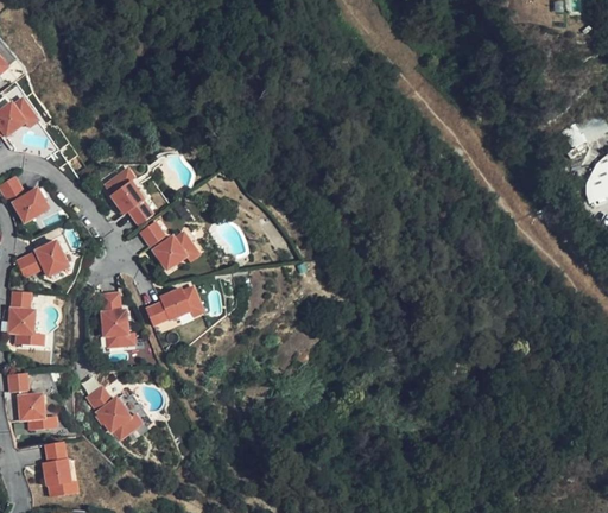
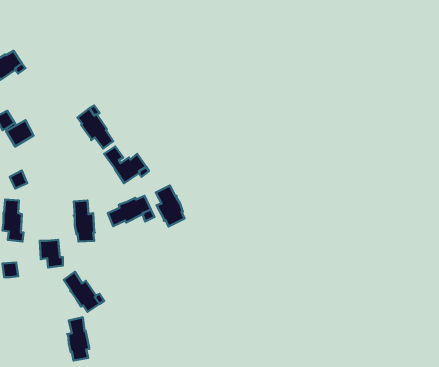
building: [37,241,69,276] -> none
building: none -> [156,186,184,226]
building: [19,394,49,430] -> [40,240,63,267]
building: [43,441,71,496] -> [67,318,89,361]

